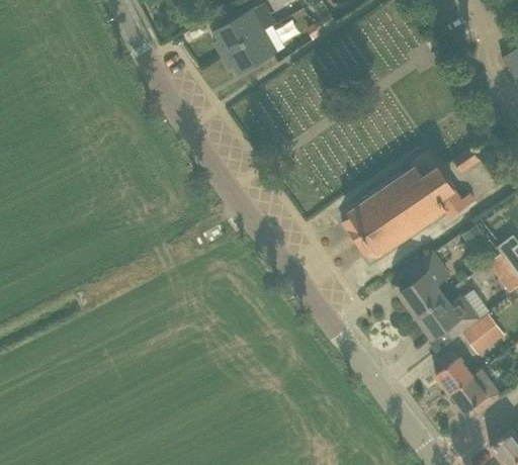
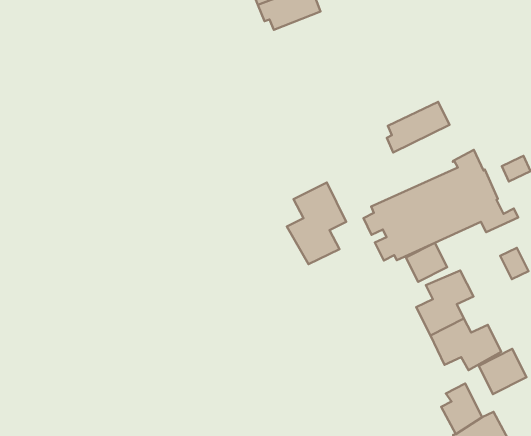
building: none -> [387,102,450,153]
building: none -> [287,182,346,264]
building: none -> [406,243,447,282]

